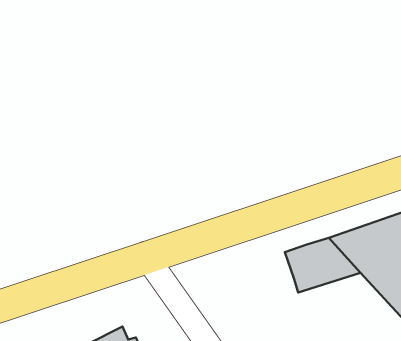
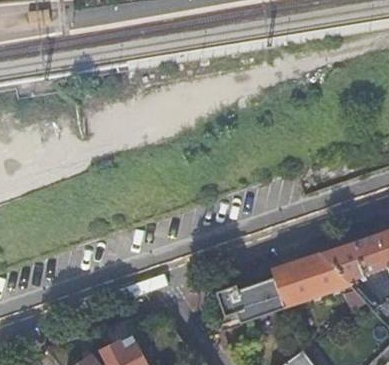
building: none -> [215,267,292,323]

